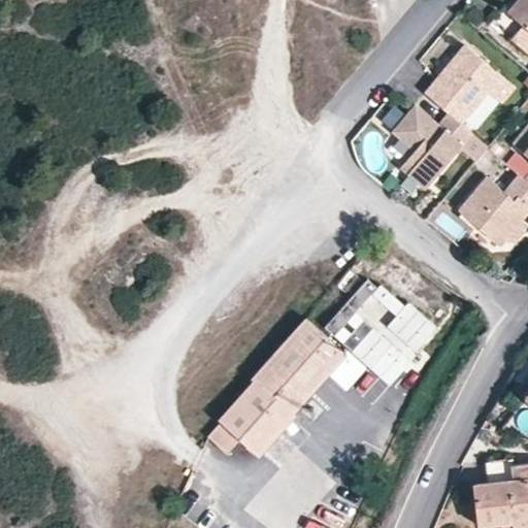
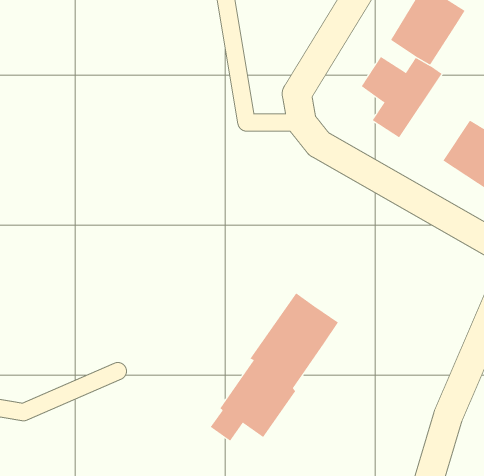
building: [322,283,441,390] -> none

